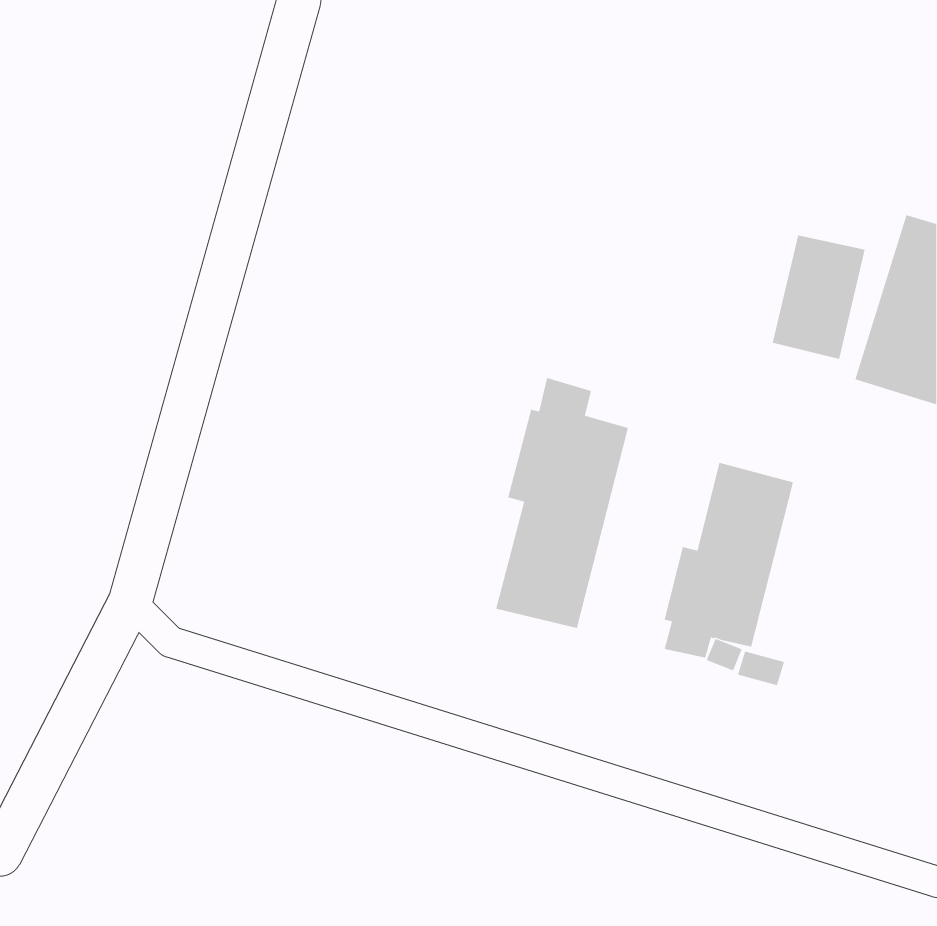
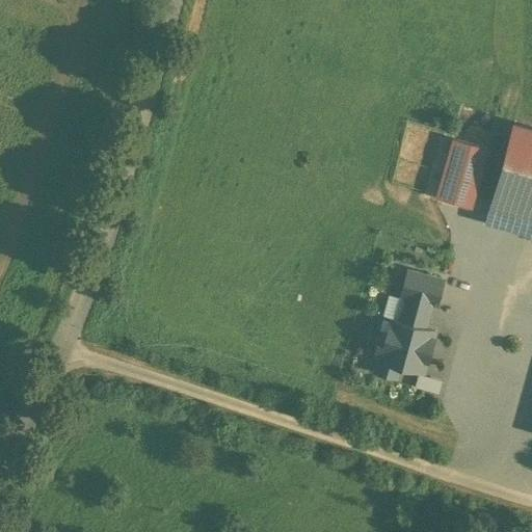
building: [495,377,628,629] -> none

